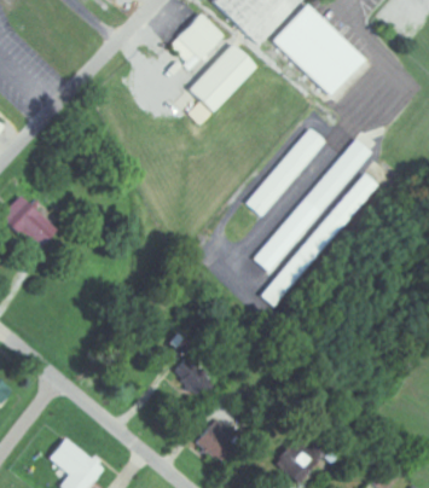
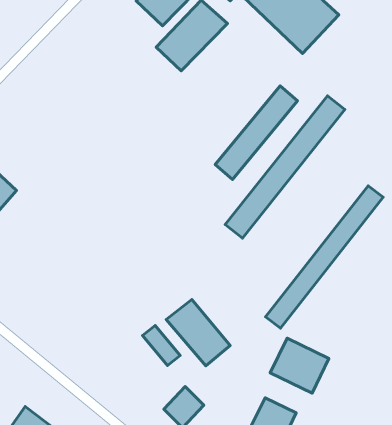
building: [263,170,377,308] -> [266,186,383,328]
building: none -> [166,299,230,366]
building: none -> [270,338,329,393]

